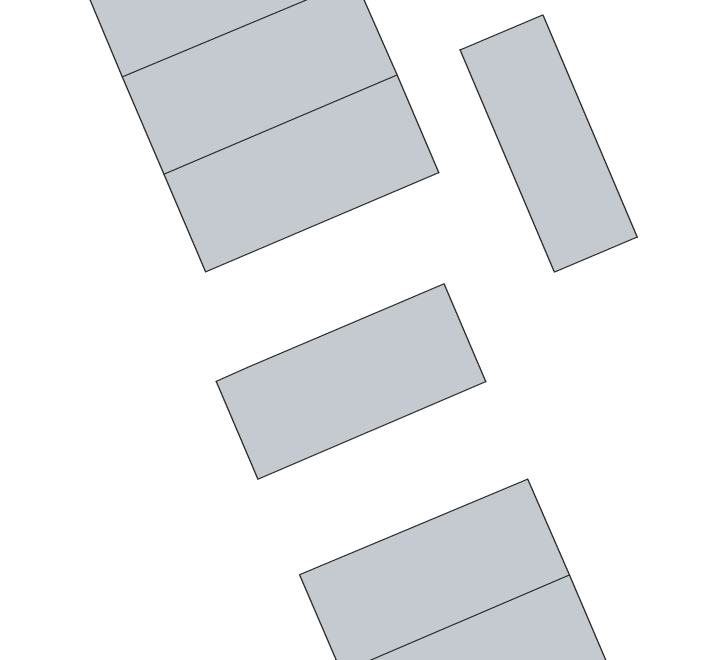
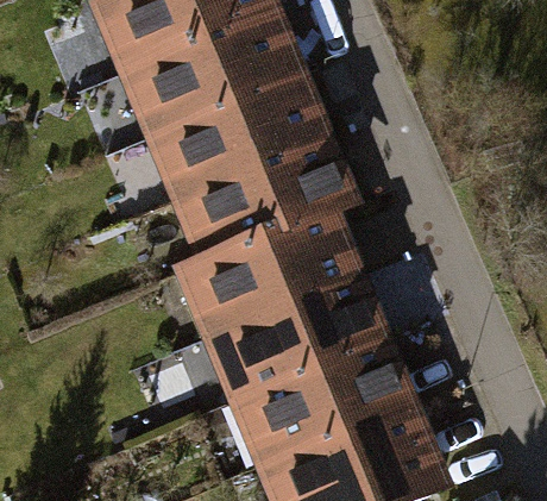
building: [460,15,637,272] -> none
building: none -> [174,142,361,275]
building: none -> [209,284,394,417]

